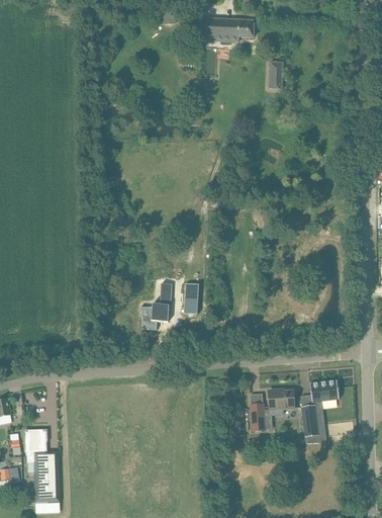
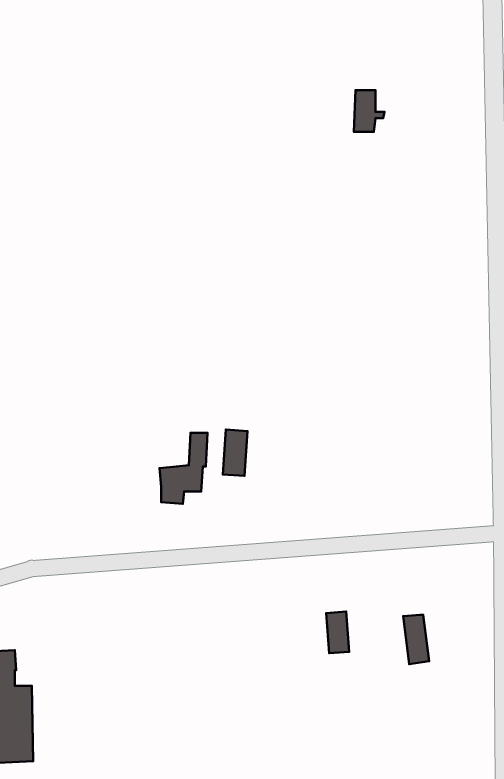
building: [198,17,254,45] -> none
building: [310,380,340,402] -> none
building: [269,390,294,416] -> none

